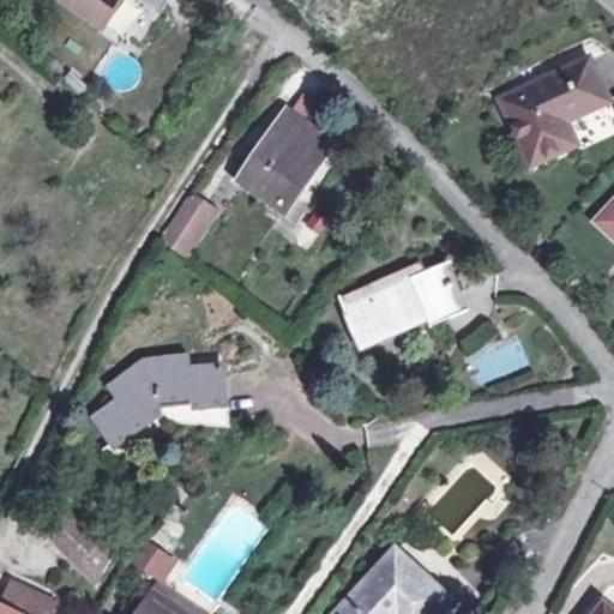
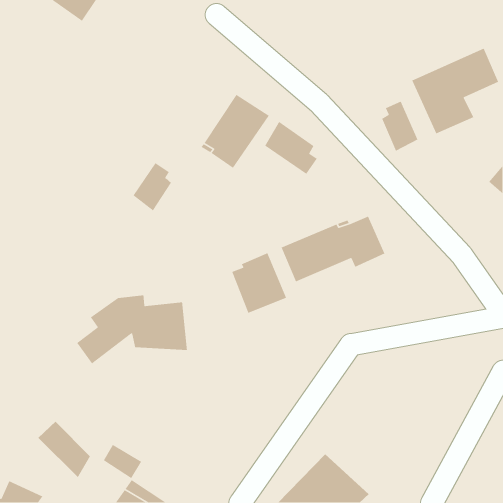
building: none -> [381,101,419,152]
building: none -> [264,121,318,175]
building: none -> [231,252,287,314]

